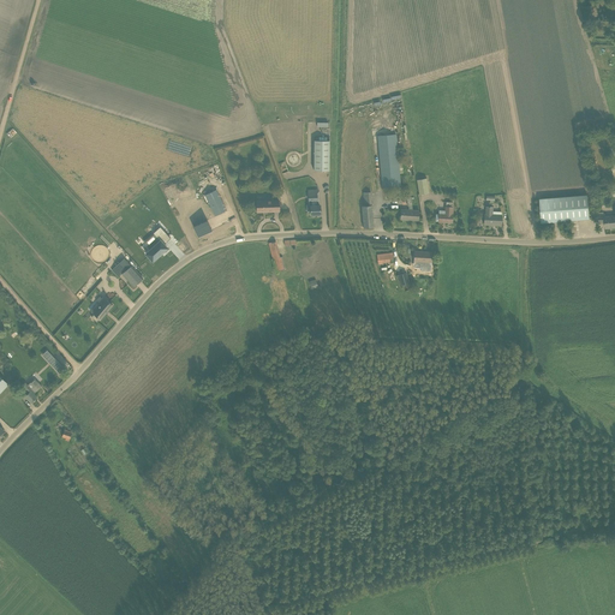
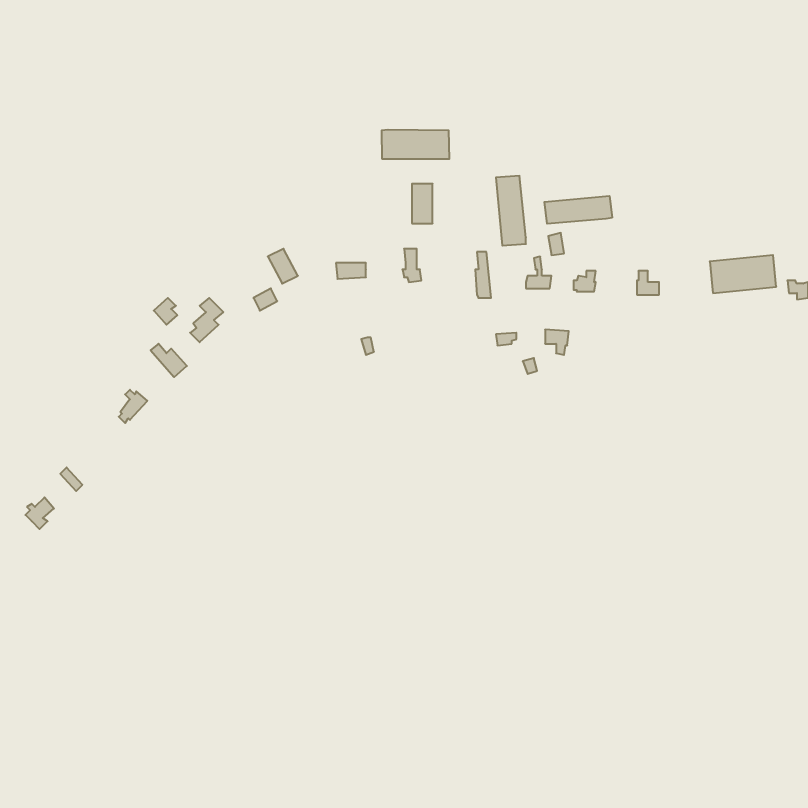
building: none -> [382,130,449,159]
building: none -> [544,196,612,224]

